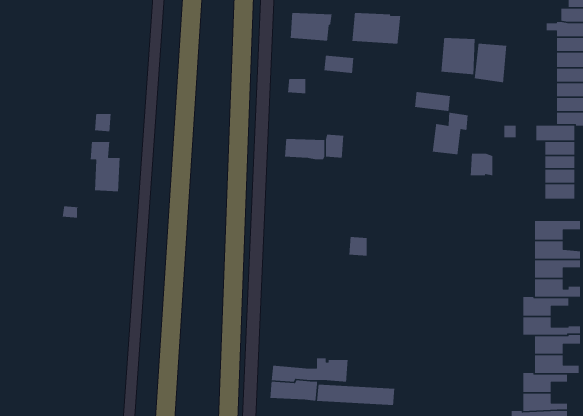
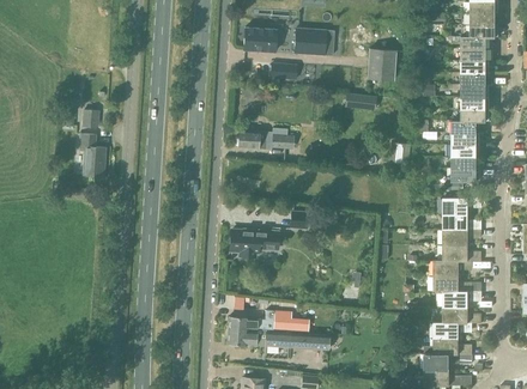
building: [474,43,507,83] -> none
building: [432,112,468,155] -> none
building: none -> [230,231,279,257]

